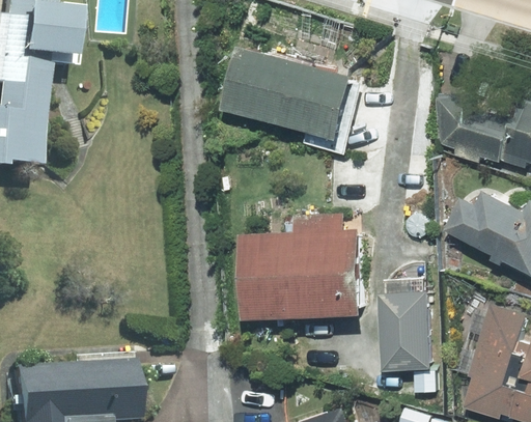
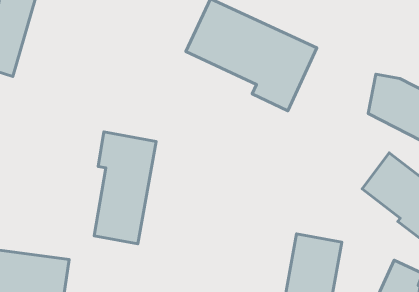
building: none -> [94,132,156,244]
building: [243,215,361,317] -> none

